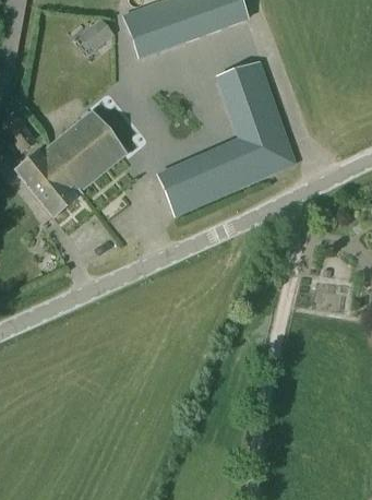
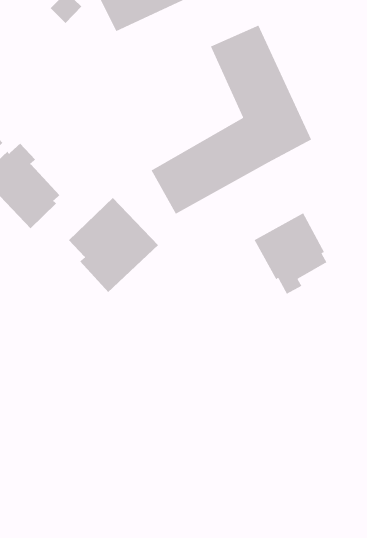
building: [50,109,125,189] -> [68,197,159,293]
building: none -> [253,212,327,295]

